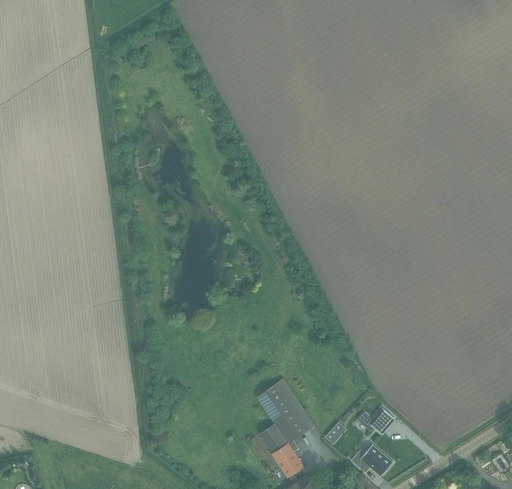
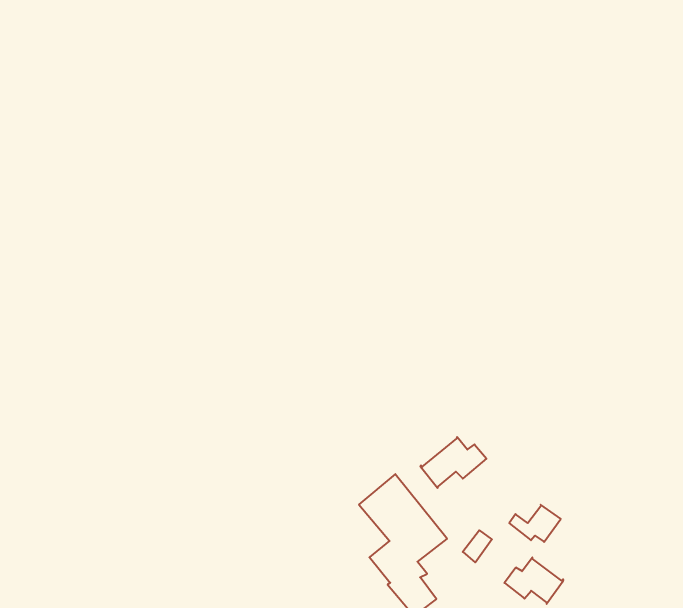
building: none -> [421,437,486,488]

